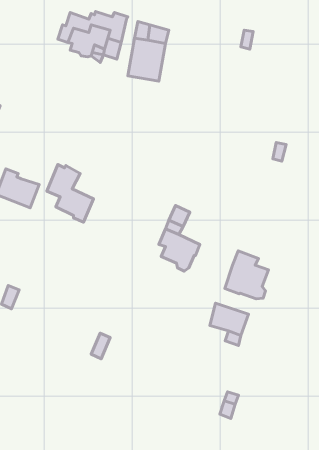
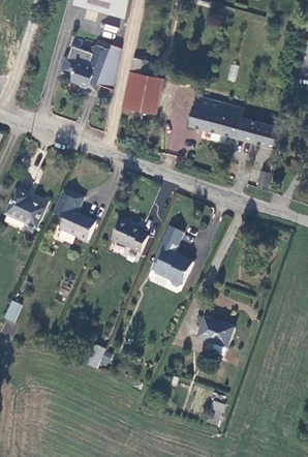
building: none -> [191,93,283,146]
building: none -> [111,221,146,254]
building: [225,251,268,299] -> none

